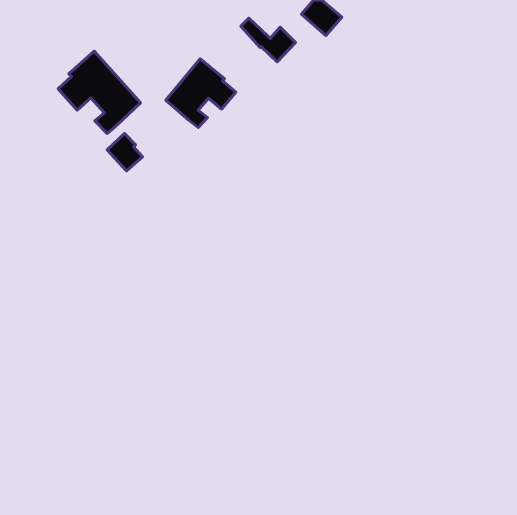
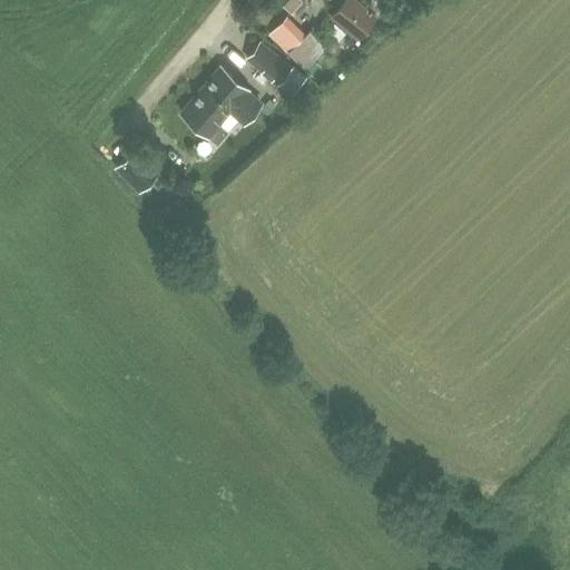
building: none -> [243,41,306,99]
building: [58,51,140,133] -> none

